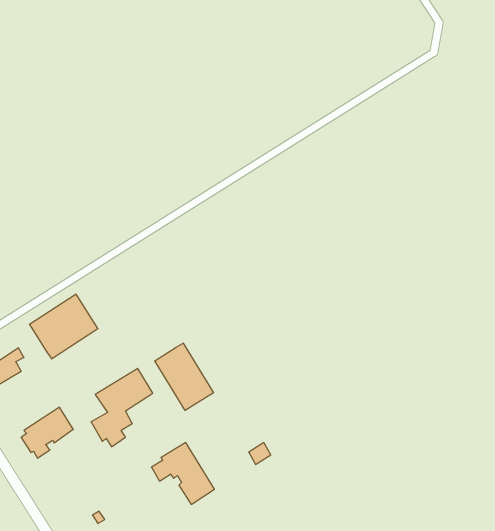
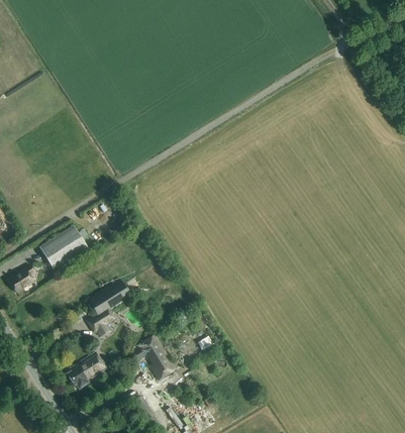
building: [155,343,214,410] -> none
building: [21,407,73,458] -> [67,351,105,389]

